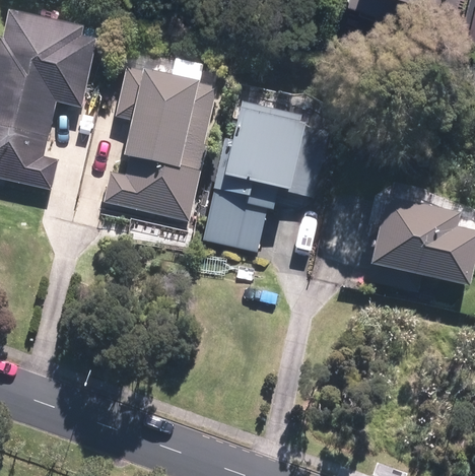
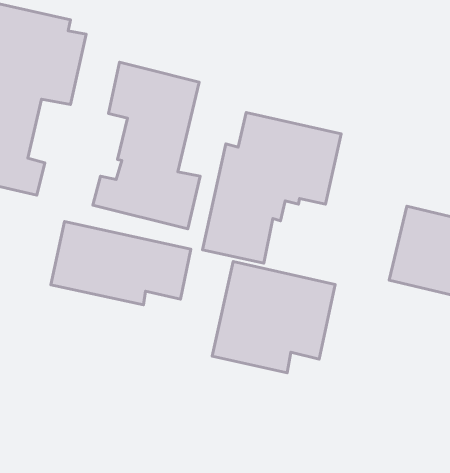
building: none -> [51,222,191,305]
building: none -> [212,262,335,373]

